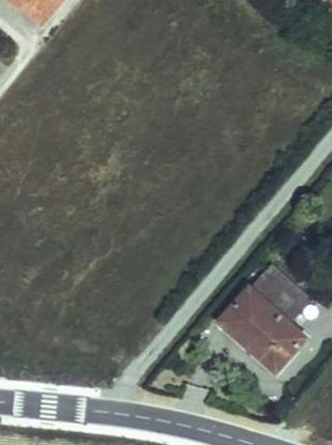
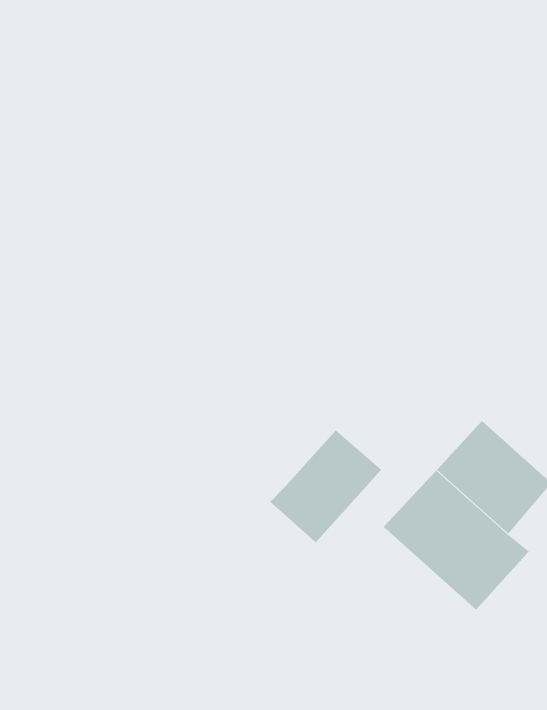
building: none -> [269,430,382,543]

